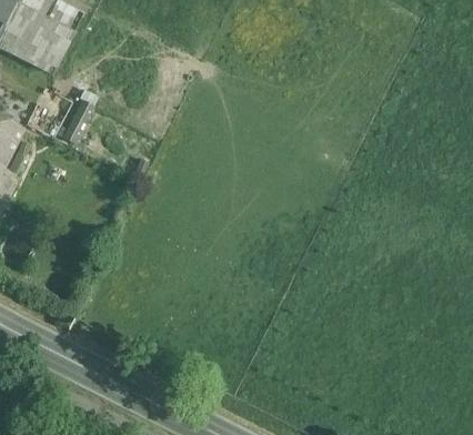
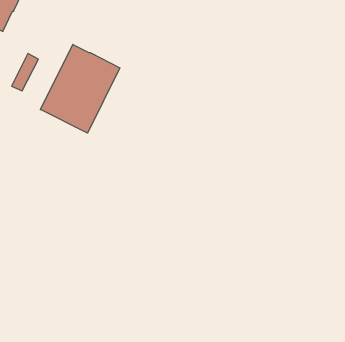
building: none -> [40,44,120,133]

